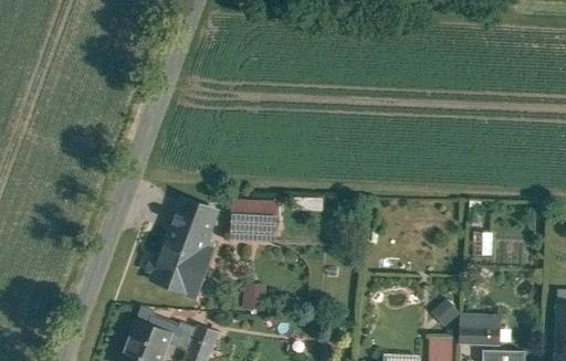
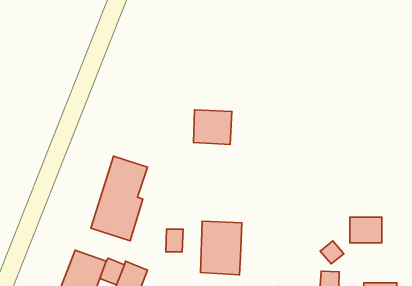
building: [232,200,279,242] -> [194,110,232,144]
building: none -> [200,221,242,275]
building: [462,315,501,346] -> [350,217,382,243]

